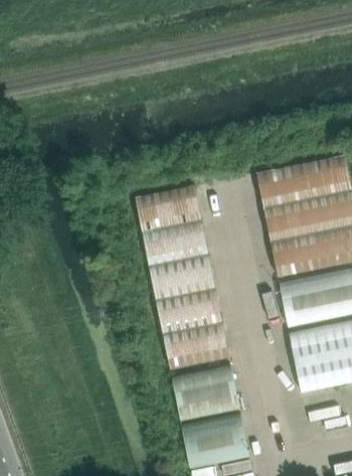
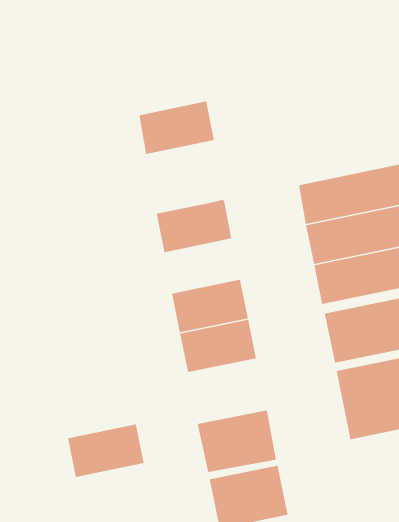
building: [143,219,208,266] -> [139,101,215,155]
building: [163,322,229,368] -> [67,424,145,478]

